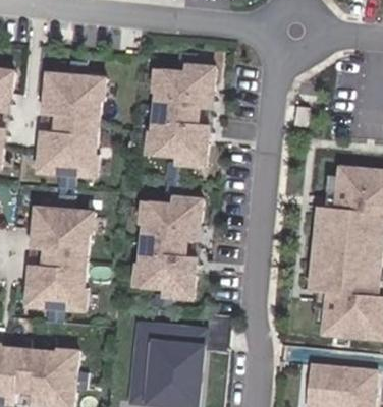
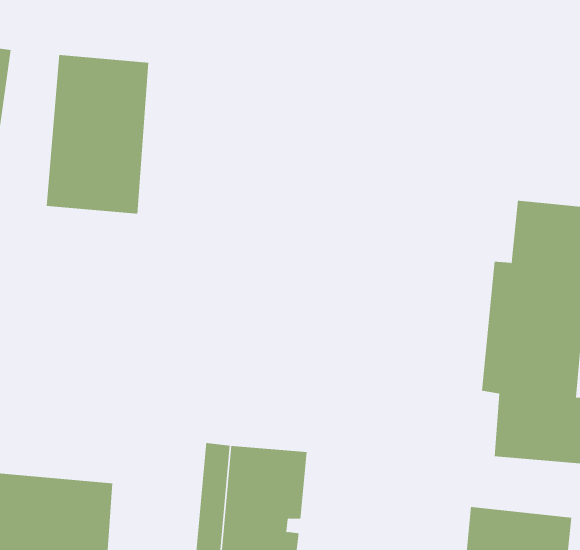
building: [148,62,215,166] -> none
building: [132,192,201,296] -> none
building: [22,206,90,306] -> none

